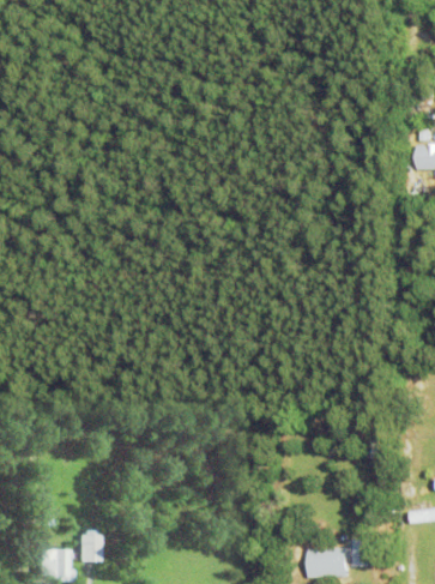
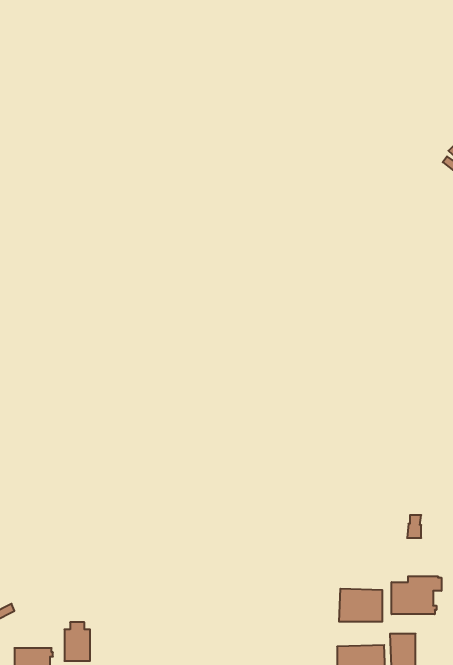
building: none -> [392,576,441,614]
building: none -> [339,589,382,622]

